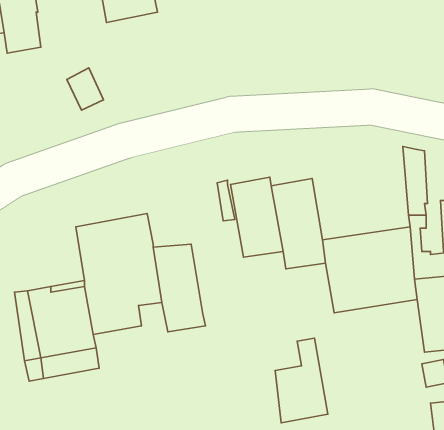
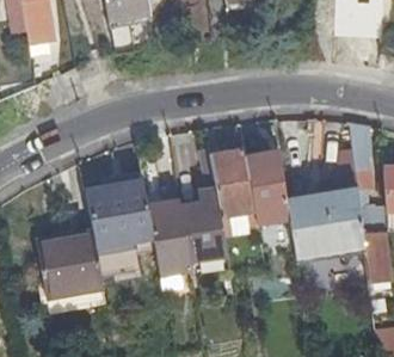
building: [275,338,328,423] -> [183,190,226,259]

